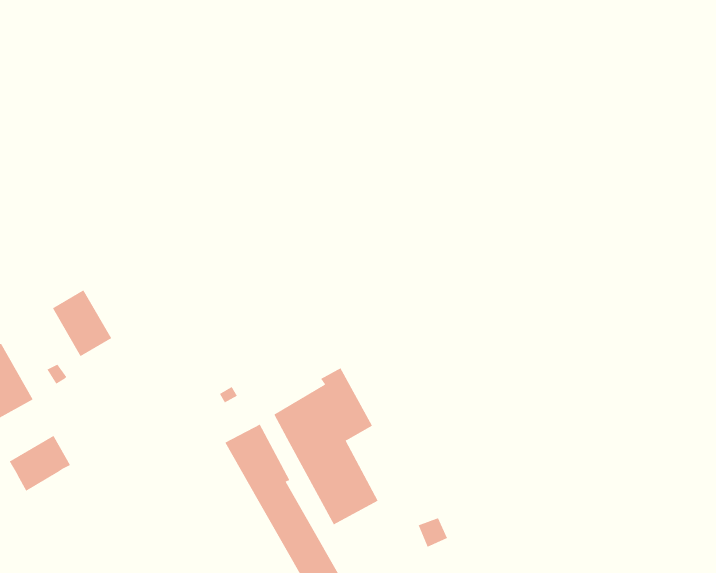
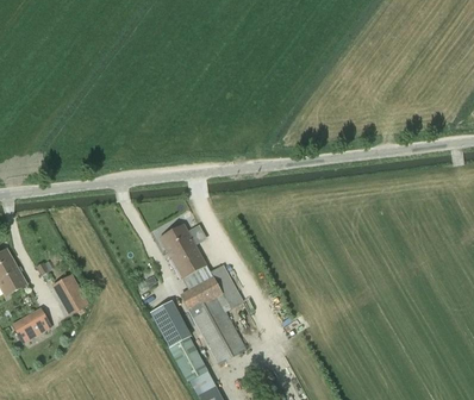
building: [52,289,112,357] -> [51,273,89,315]
building: none -> [160,223,207,279]

